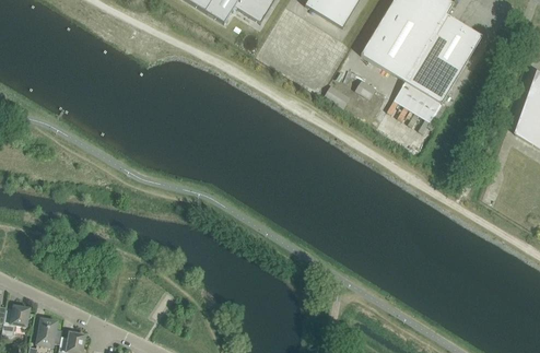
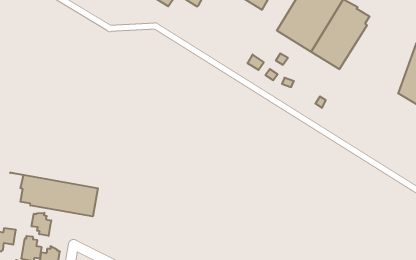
building: [395,82,445,129] -> none
building: none -> [10,172,98,216]
building: none -> [32,213,51,236]

